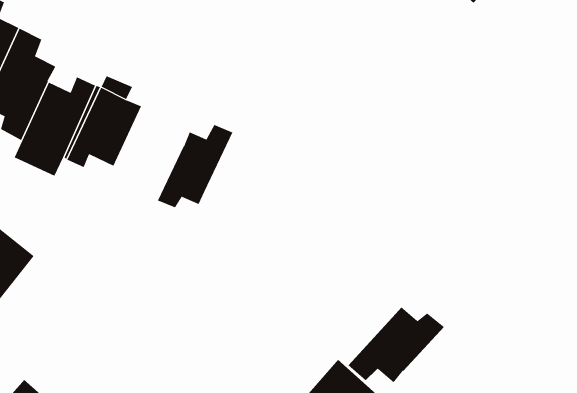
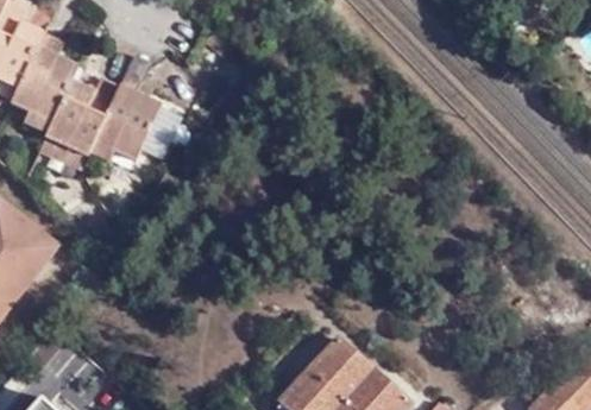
building: [157,124,233,208] -> none
building: [347,306,445,383] -> none

